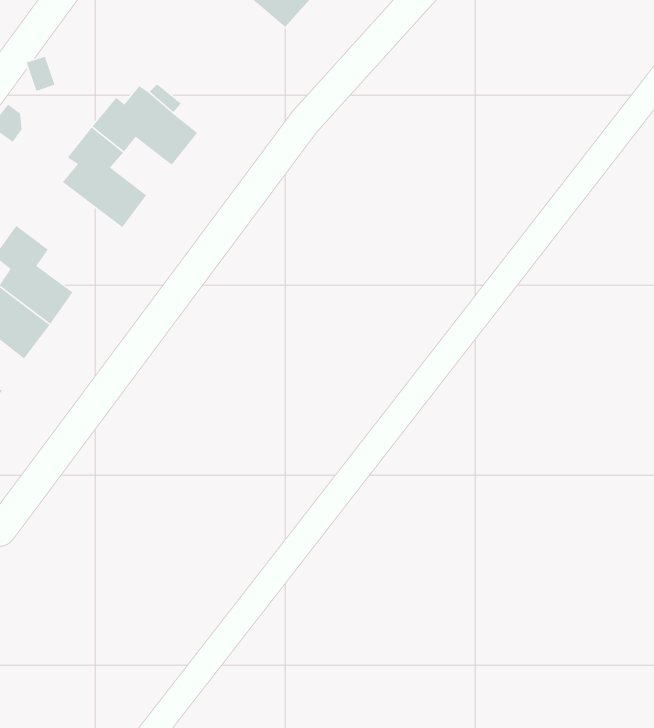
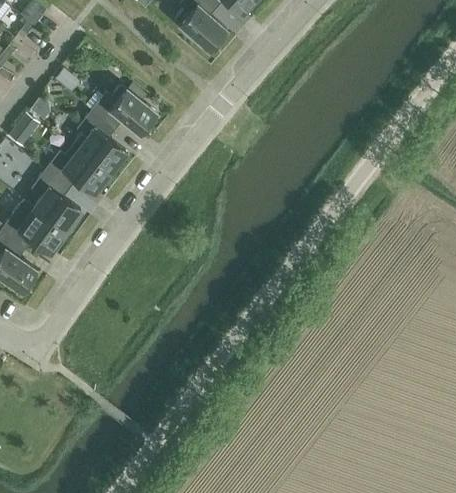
building: none -> [46,146,111,194]

